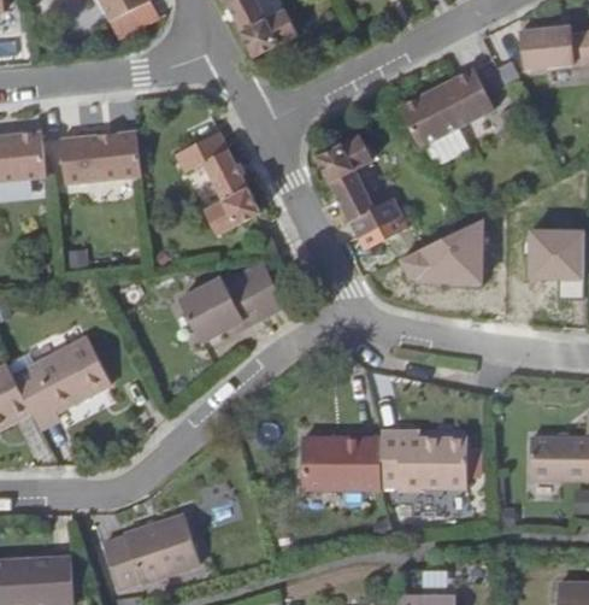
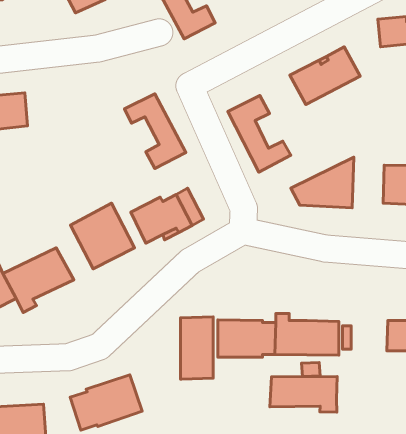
building: [63,131,141,183] -> none
building: none -> [71,203,134,269]
building: none -> [181,317,213,379]
building: none -> [270,376,337,412]

